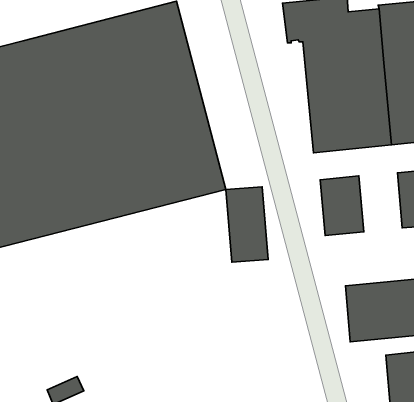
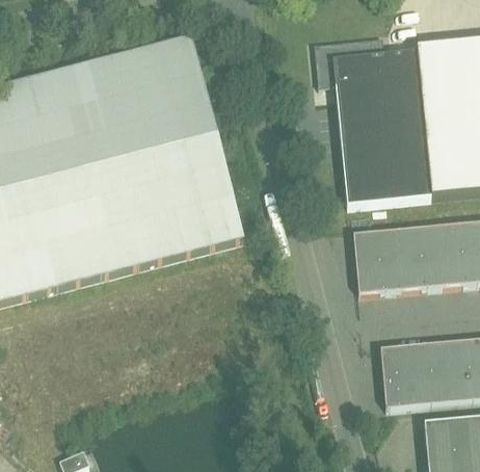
building: none -> [395,224,442,287]
building: [226,187,268,262] -> none

